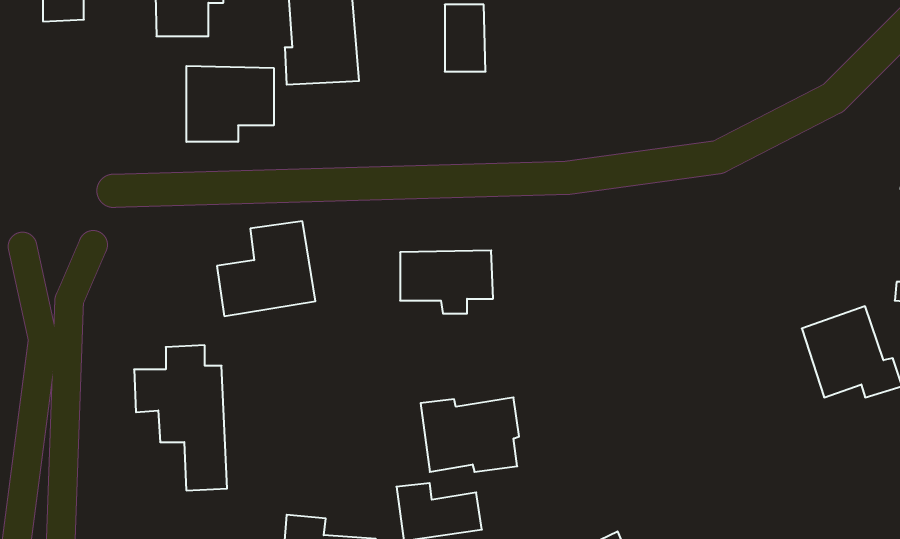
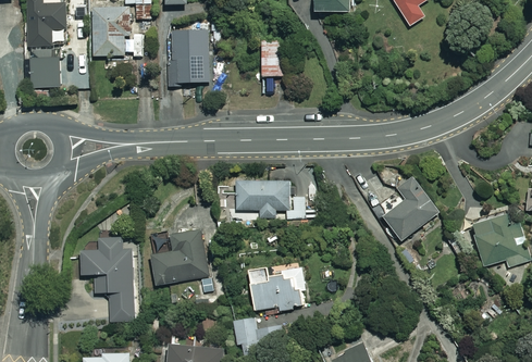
building: none -> [30,58,60,88]
building: [186,66,274,142] -> none
building: [217,221,315,316] -> [151,229,209,285]
building: none -> [383,176,440,241]

